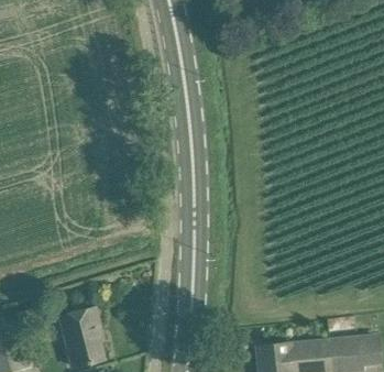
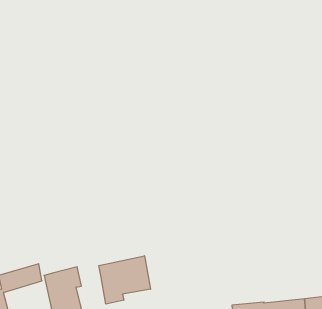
building: none -> [99,256,151,304]

